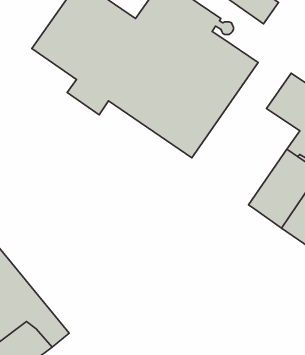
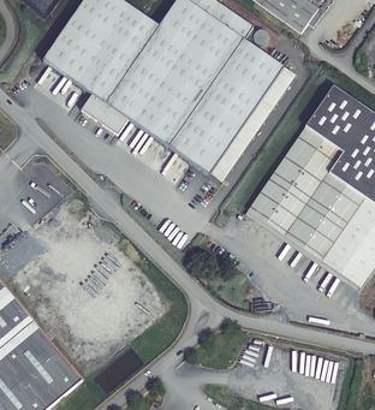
building: none -> [248,126,343,234]

